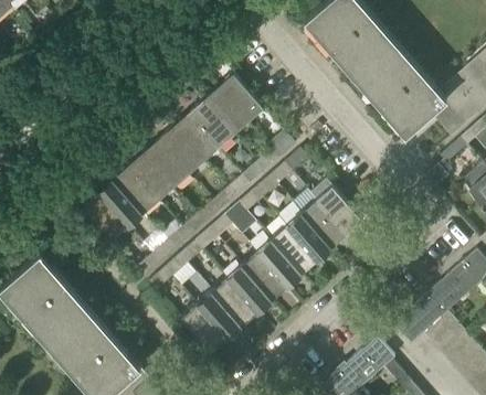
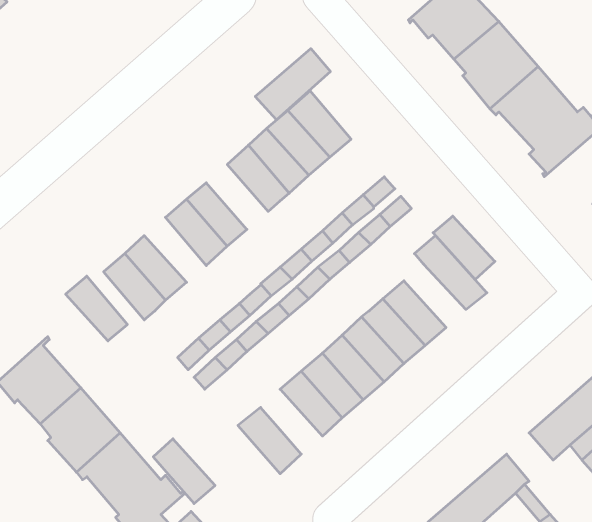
building: none -> [255,49,330,120]
building: [157,127,202,174] -> none
building: [112,166,157,213] -> [66,276,127,341]
building: [302,200,347,246] -> [433,216,495,279]
building: [197,291,242,339] -> [153,439,215,504]

